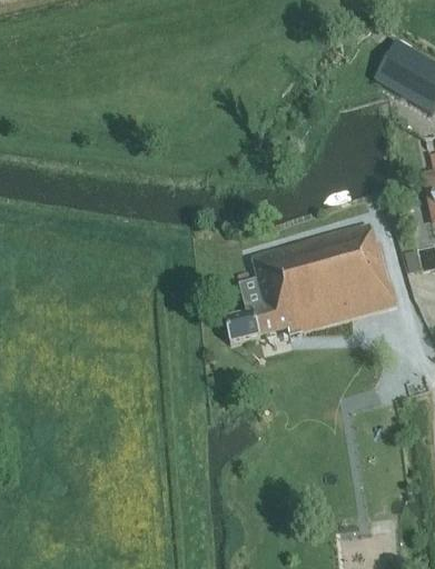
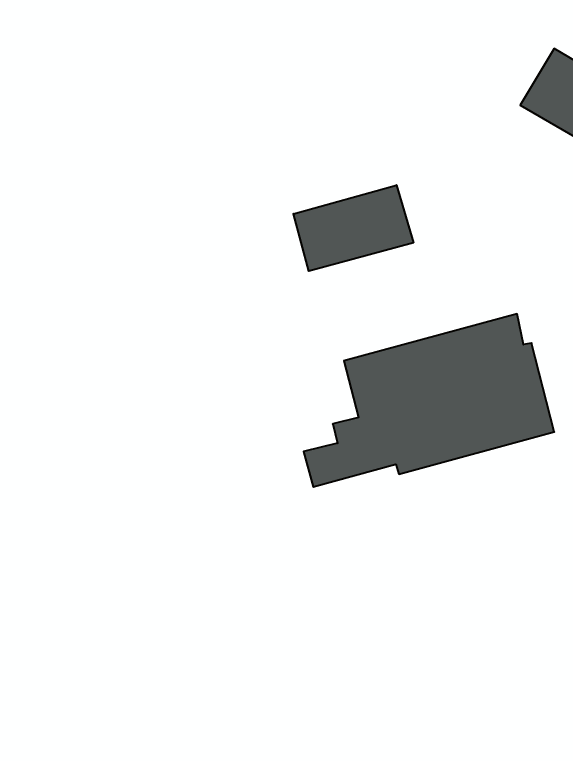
building: none -> [293,185,413,271]

